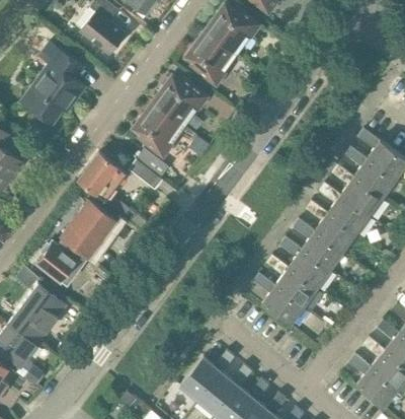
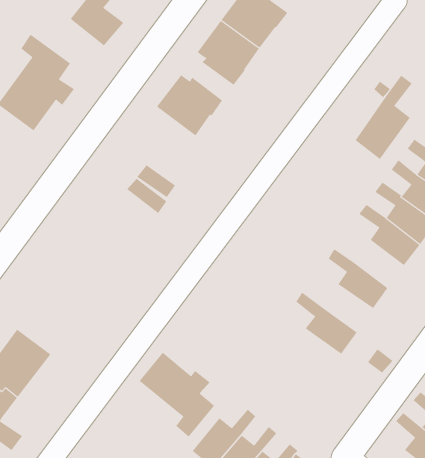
building: none -> [355,75,412,160]
building: [133,103,184,158] -> none
building: [78,154,130,217] -> none
building: [306,202,355,253] -> none
building: [36,203,115,286] -> none
building: [279,237,330,289] -> none
building: [253,274,304,326] -> none
building: none -> [139,352,215,438]

